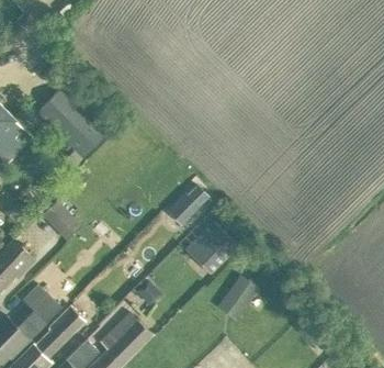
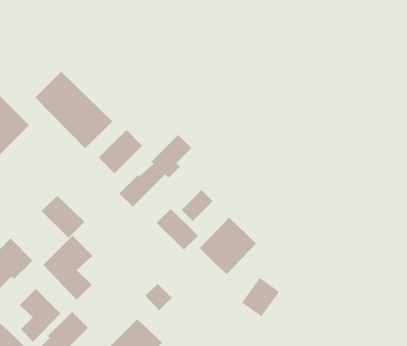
building: none -> [98,129,143,174]
building: none -> [119,134,192,208]
building: none -> [156,208,199,251]
building: none -> [42,235,93,301]

